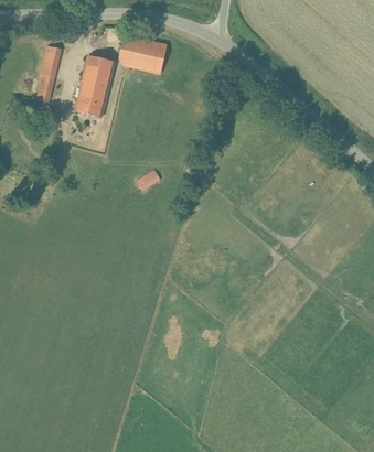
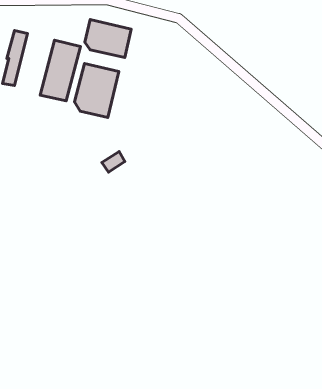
building: none -> [75,63,119,118]

